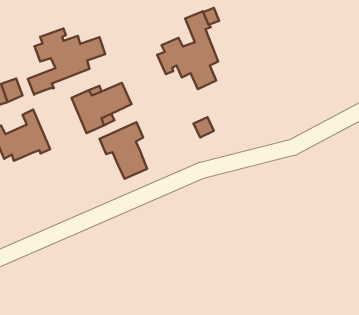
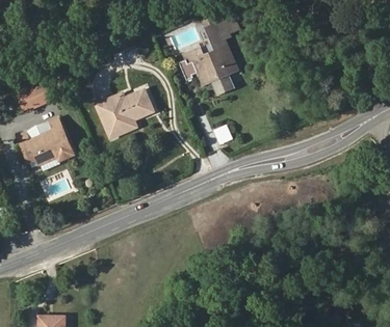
building: [28,29,105,95] -> none
building: [100,122,147,179] -> none

